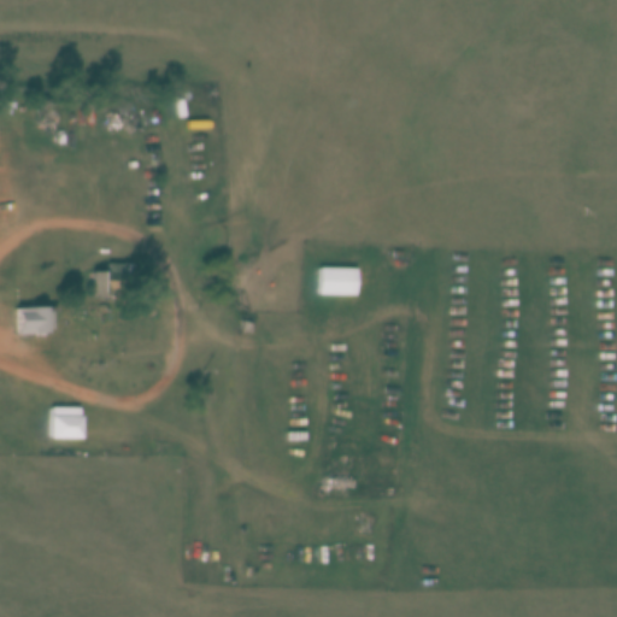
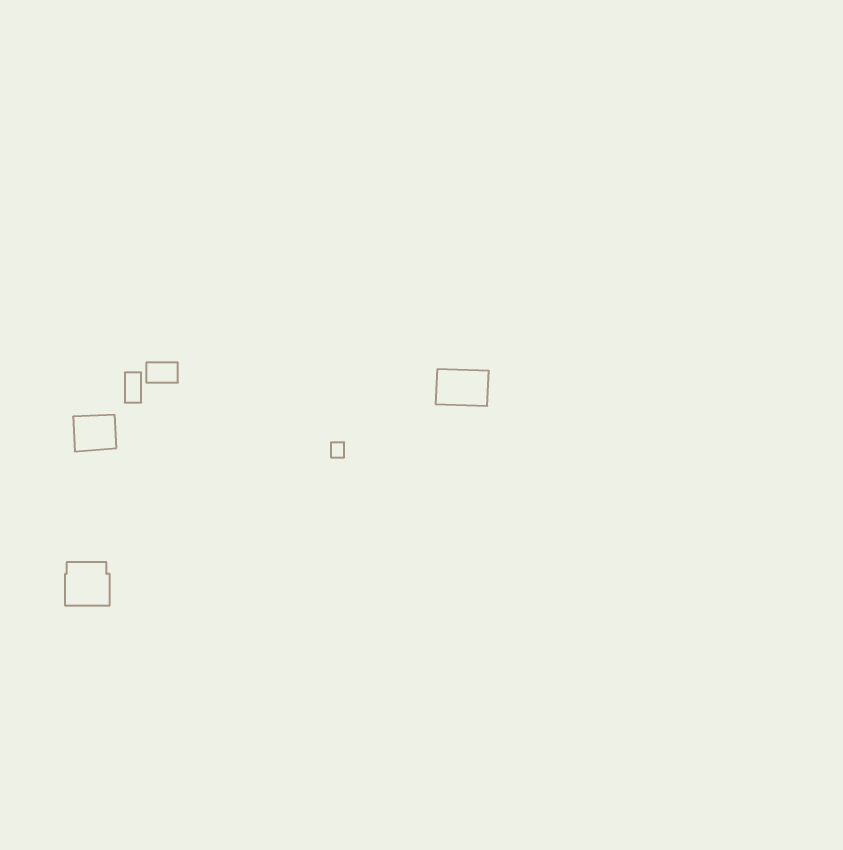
building: [19,306,51,333] -> [73,415,116,451]

